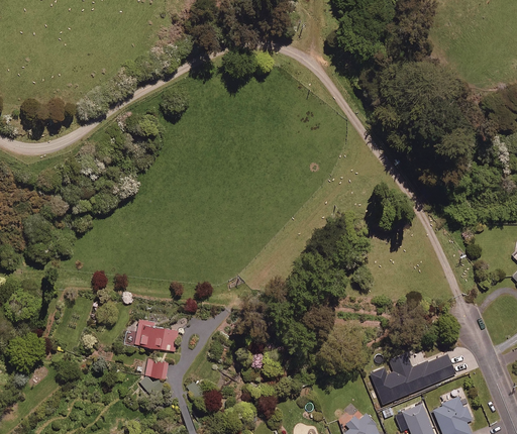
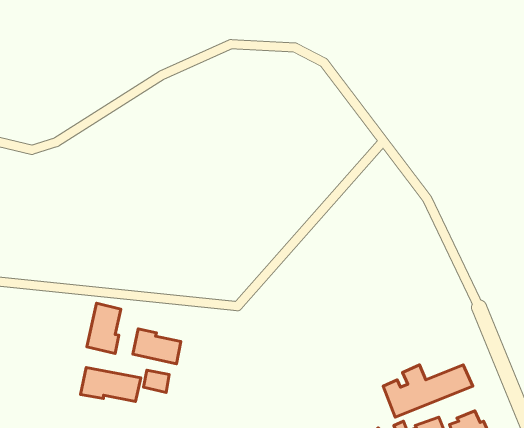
building: none -> [87,303,121,353]
building: none -> [81,367,141,401]

